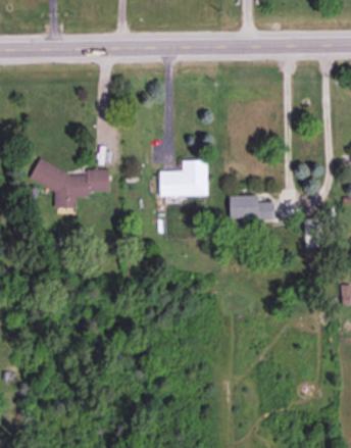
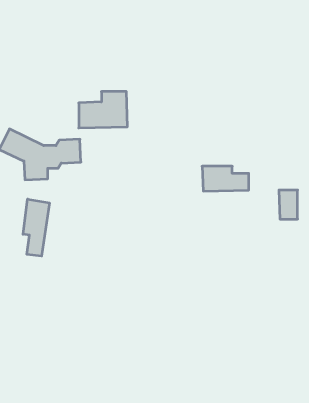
building: [160,160,208,196] -> [79,92,127,128]
building: none -> [23,199,49,256]

